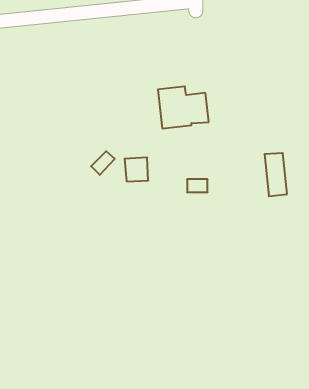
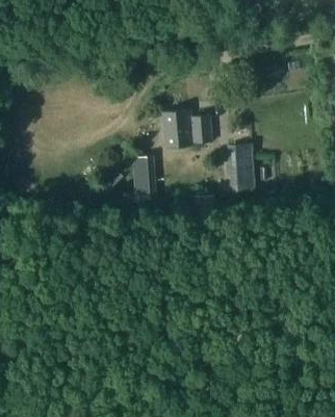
building: [264,153,287,196] -> [234,148,256,189]

